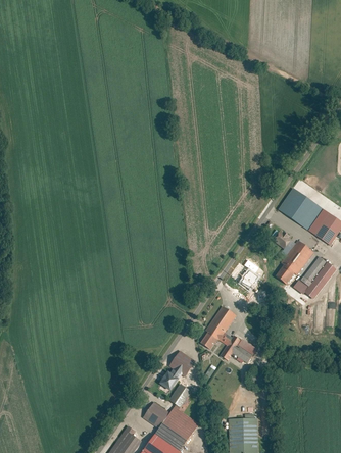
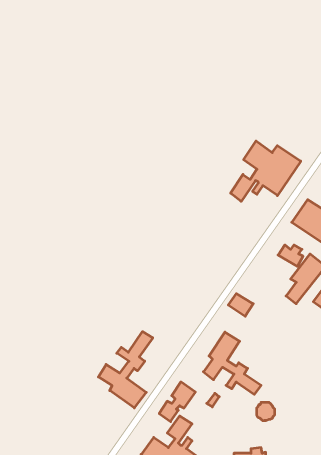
building: none -> [231,141,301,201]
building: none -> [98,332,153,408]

